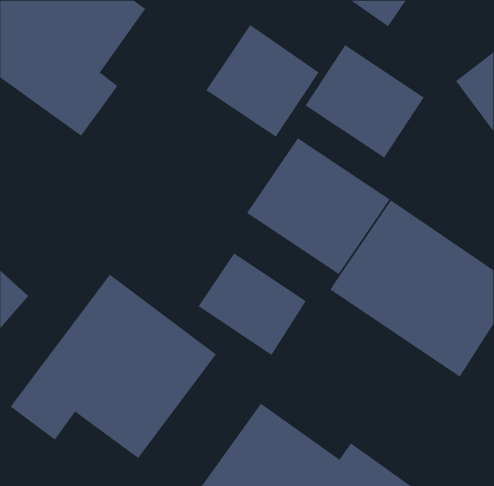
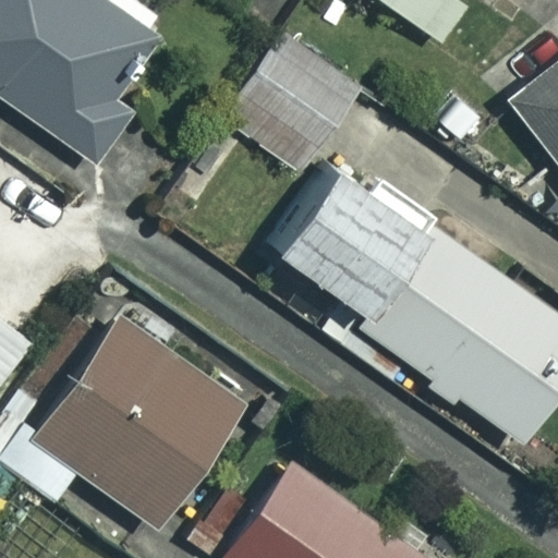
building: [305,44,424,159] -> none
building: [198,252,307,356] -> none

